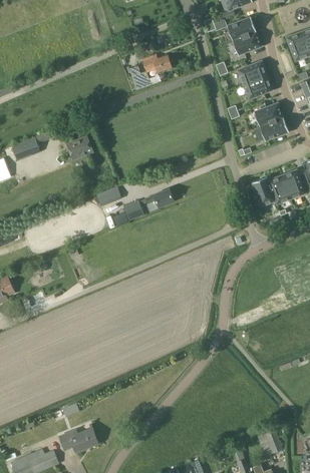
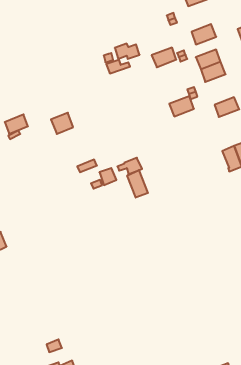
building: [226,17,255,40] -> [152,48,176,67]
building: [253,102,282,126] -> [169,96,194,116]
building: [252,176,276,206] -> none
building: none -> [127,170,148,198]

